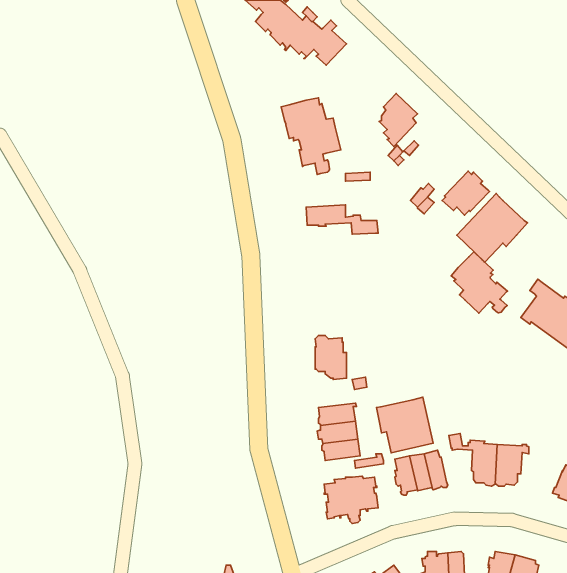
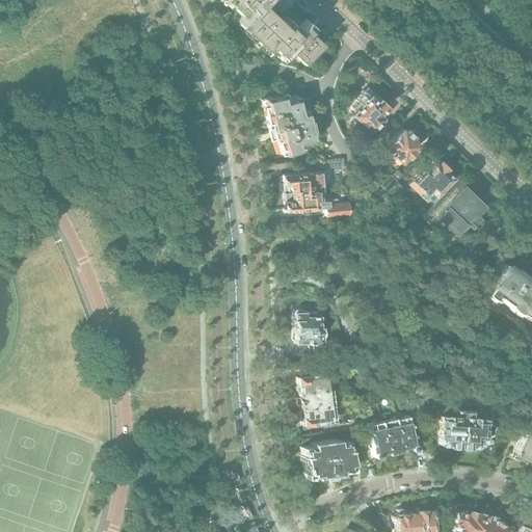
building: none -> [384,129,429,167]
building: none -> [288,172,332,193]
building: [451,252,508,313] -> none
building: [377,397,433,453] -> none

